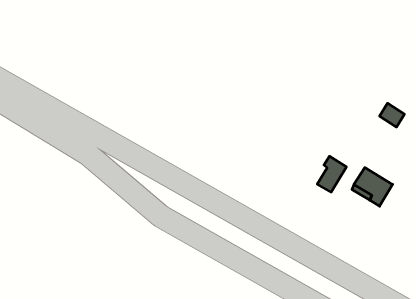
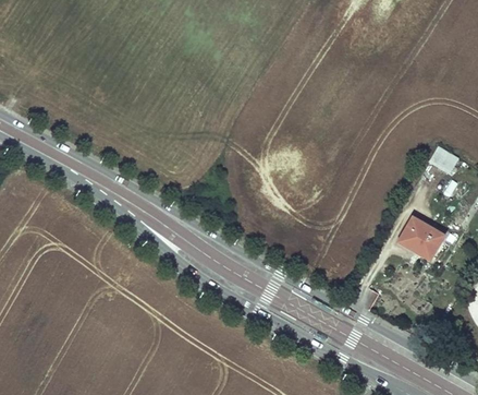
building: [317,156,346,192] -> none

